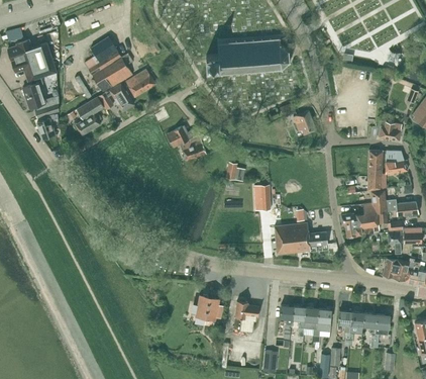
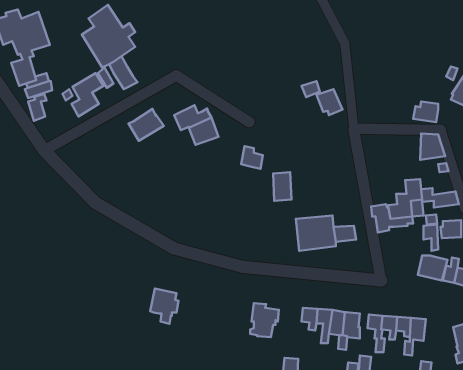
building: [206,37,291,75] -> none
building: [125,69,156,97] -> [129,109,164,141]
building: [367,151,386,191] -> none
building: [196,294,221,325] -> [150,288,179,324]

